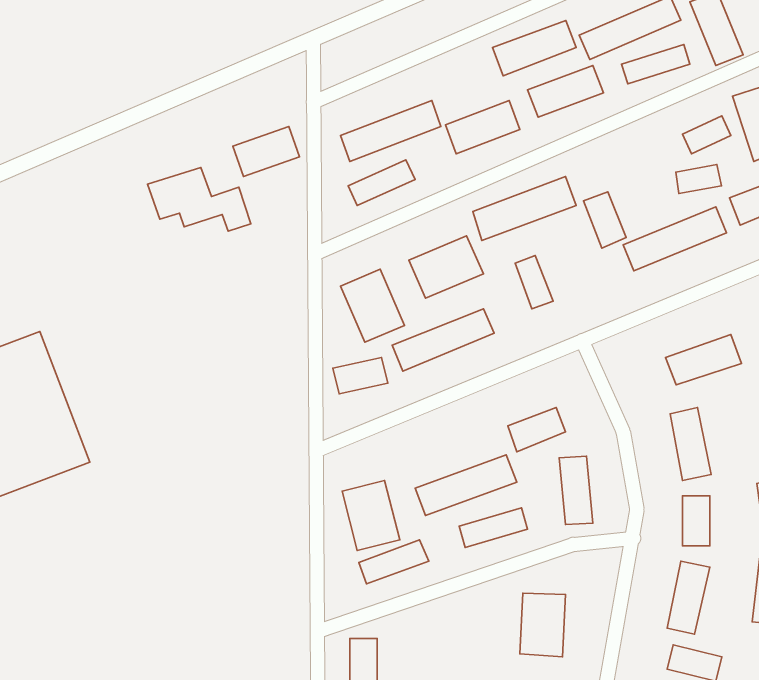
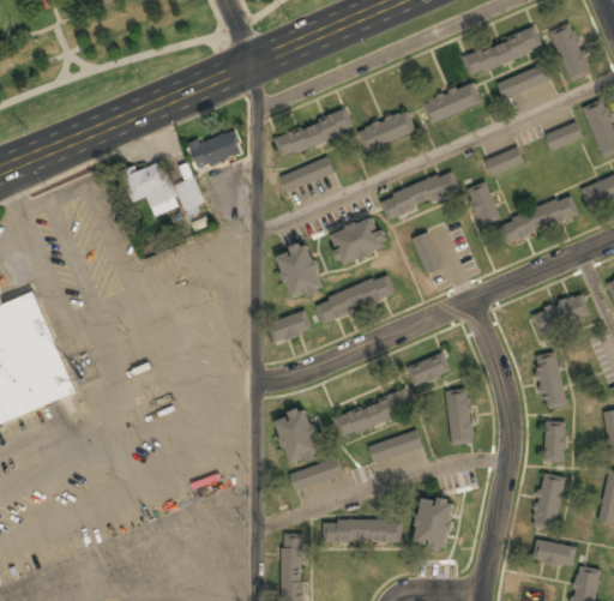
building: [493,21,576,76] -> none
building: [676,165,721,193] -> [487,150,523,173]
building: none -> [324,519,402,542]

